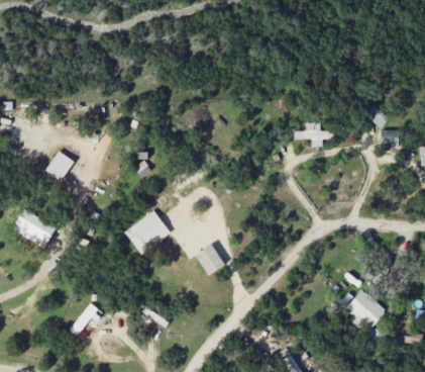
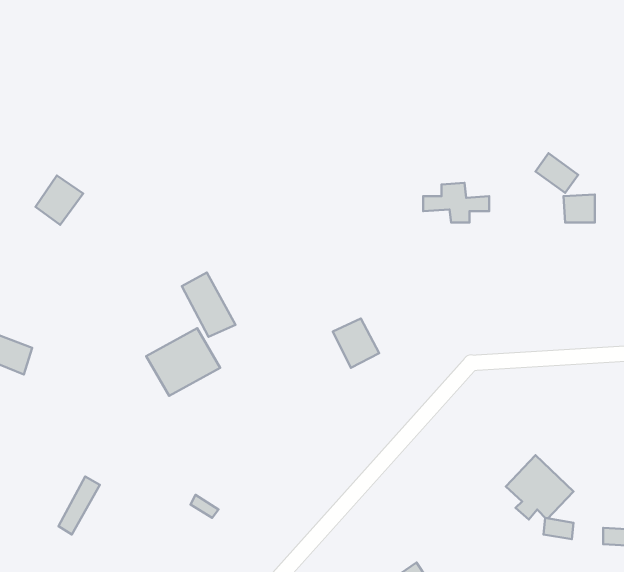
building: [45,151,75,181] -> [35,175,83,225]
building: none -> [182,272,235,337]
building: [196,245,224,275] -> [333,318,379,368]

